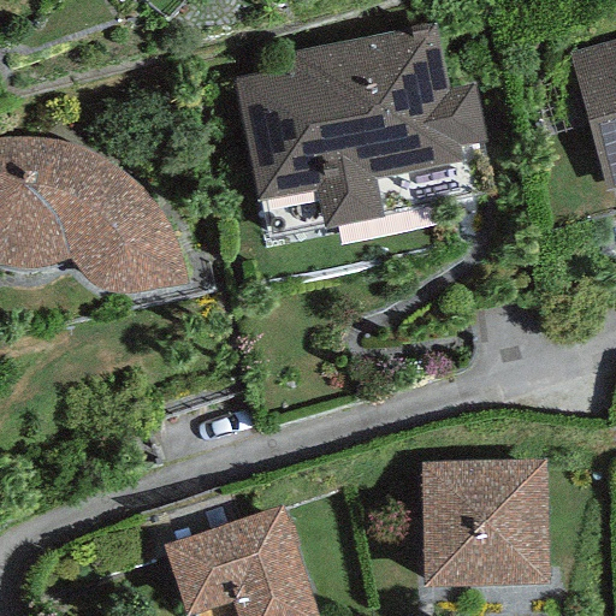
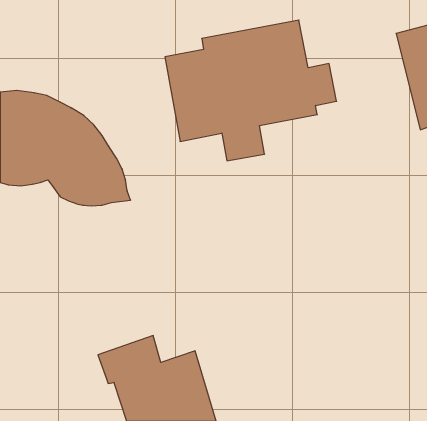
building: [421,461,550,591] -> none

